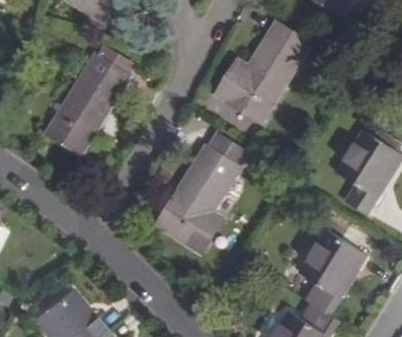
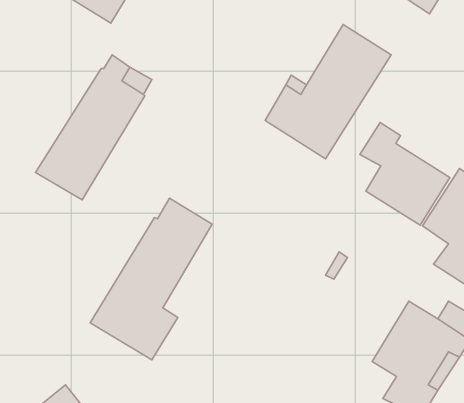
building: none -> [360,122,450,225]
building: [157,131,247,251] -> [90,198,212,360]

